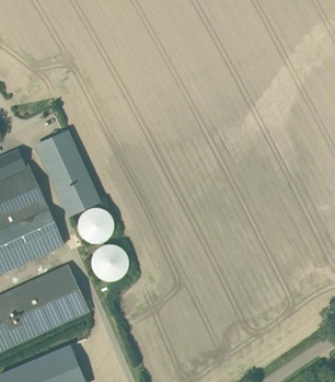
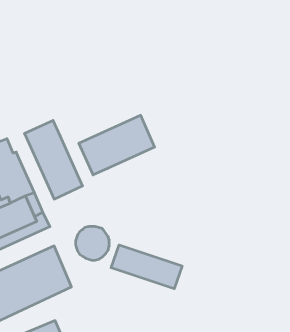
building: none -> [79,115,155,175]
building: [78,208,114,244] -> none
building: none -> [111,245,182,289]

